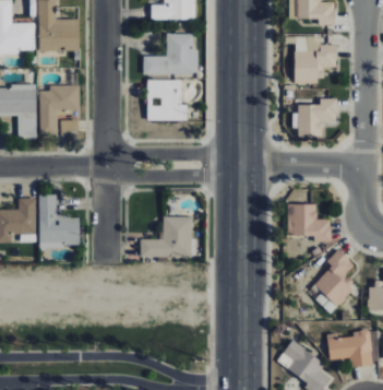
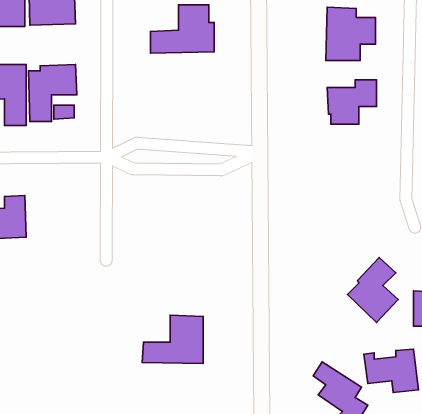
building: [146,80,187,121] -> none
building: [38,194,80,248] -> none
building: [287,203,331,243] -> none
building: [139,216,191,258] -> [142,315,203,364]

